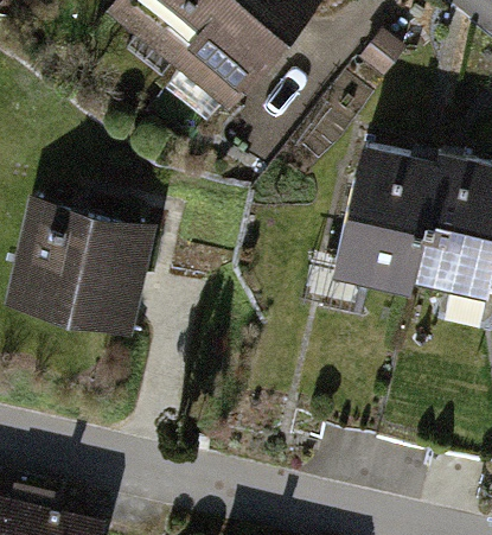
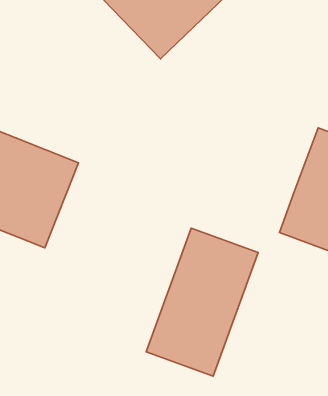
building: [327,139,429,284] -> none
building: none -> [146,228,258,376]

